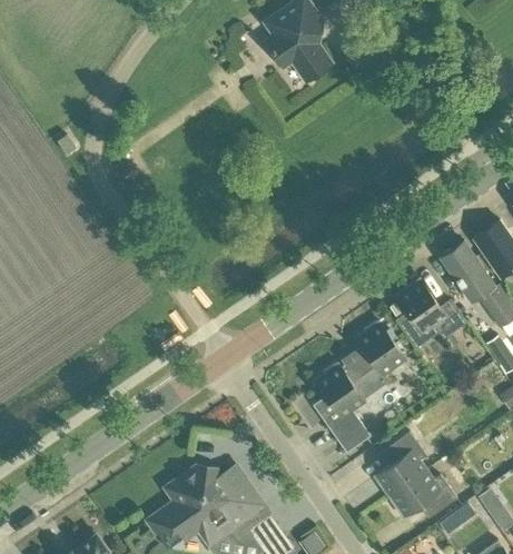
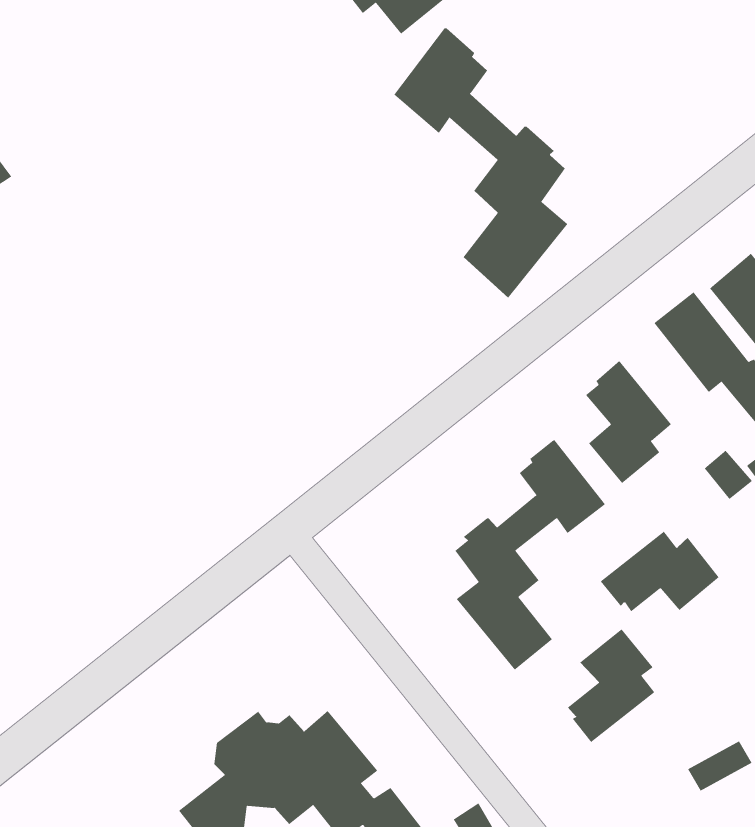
building: none -> [393,27,568,298]
building: [388,471,457,517] -> [600,531,719,612]

